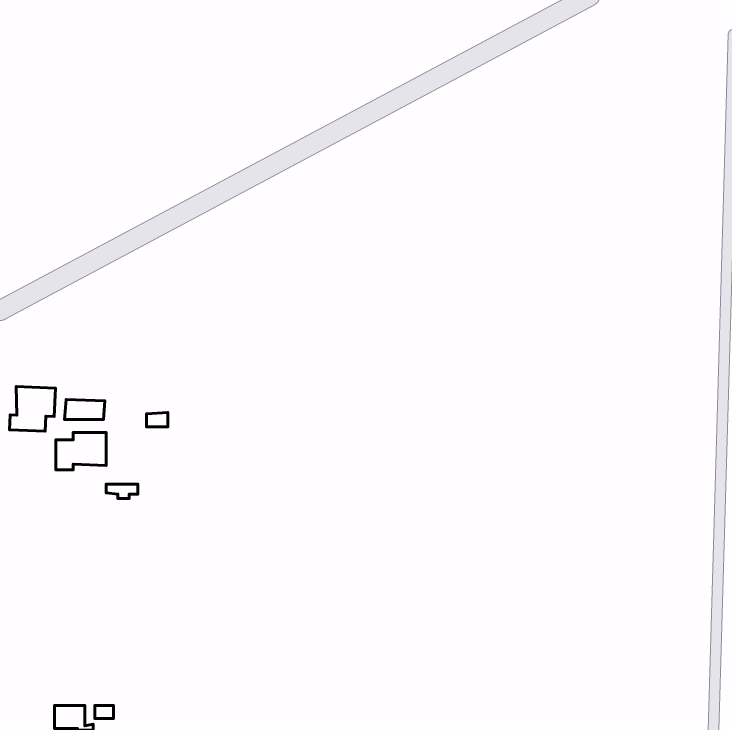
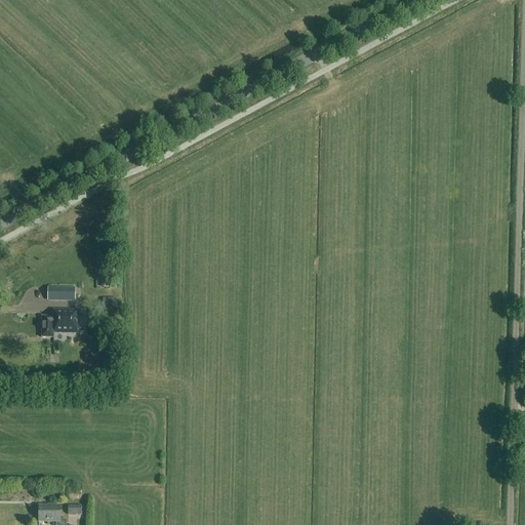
building: [10,387,55,431] -> none

